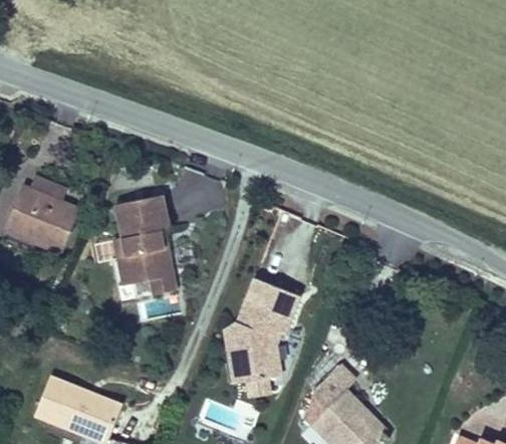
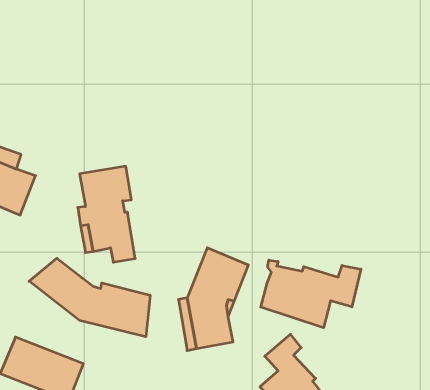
building: none -> [29,258,150,337]
building: none -> [261,260,361,328]

